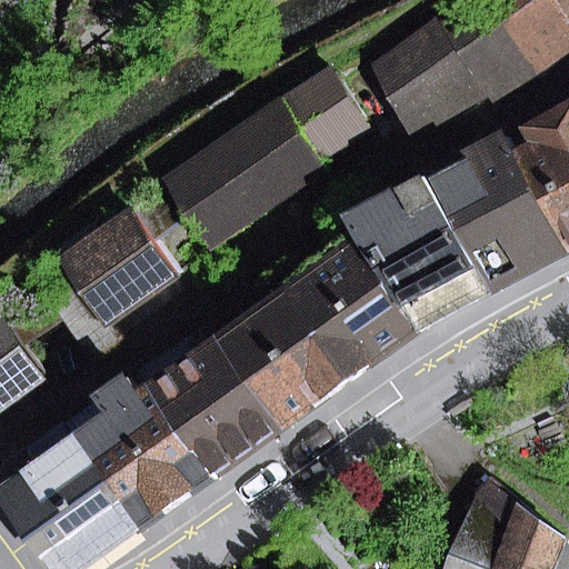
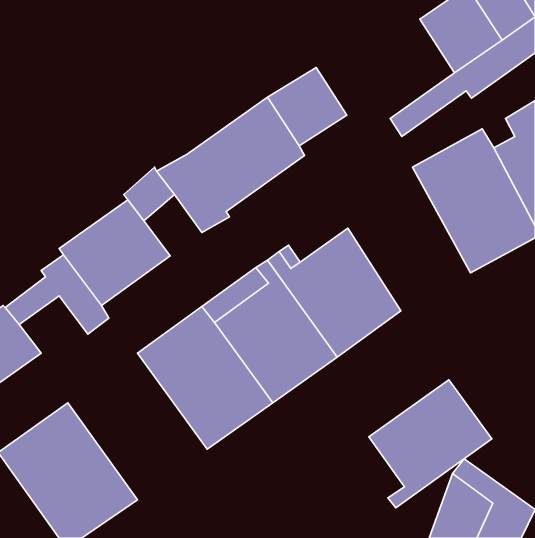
building: [376,20,478,124] -> none
building: [356,176,495,327] -> none
building: [71,371,218,526] -> none
building: none -> [369,380,492,508]

